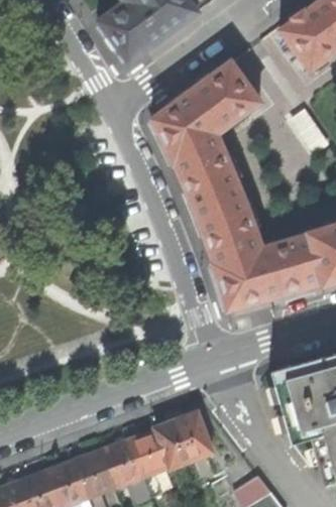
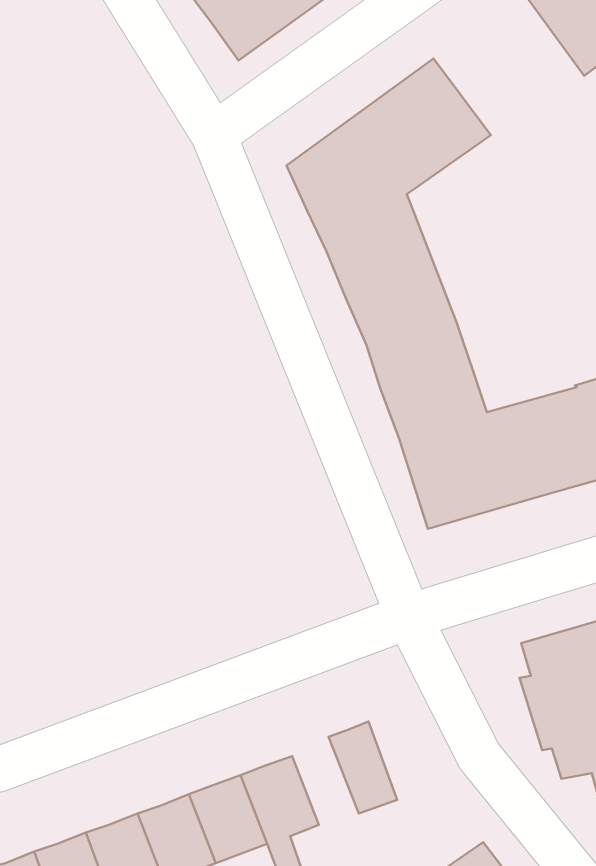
building: [155,419,192,468] -> none

